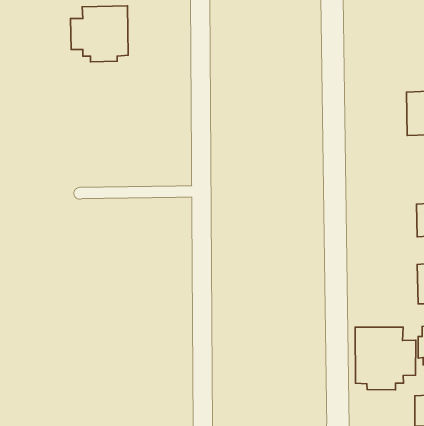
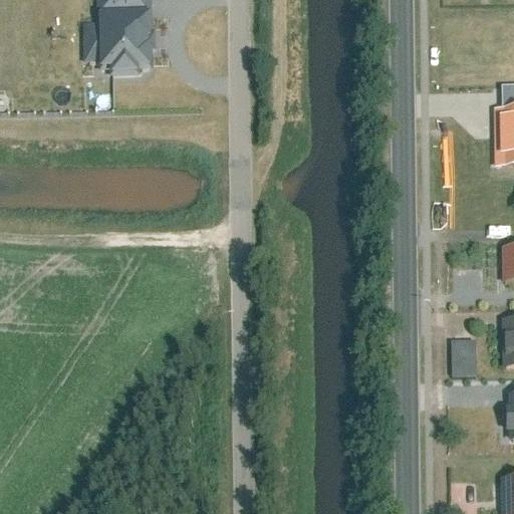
building: none -> [452,339,477,374]
building: [355,327,416,390] -> none

